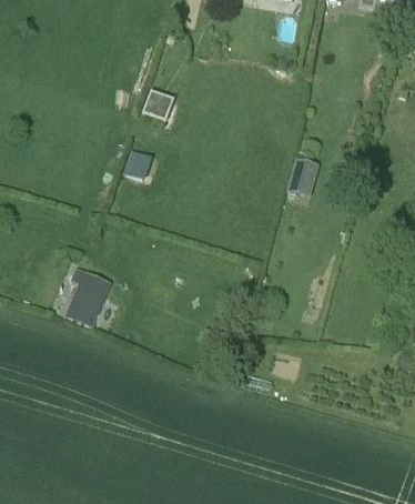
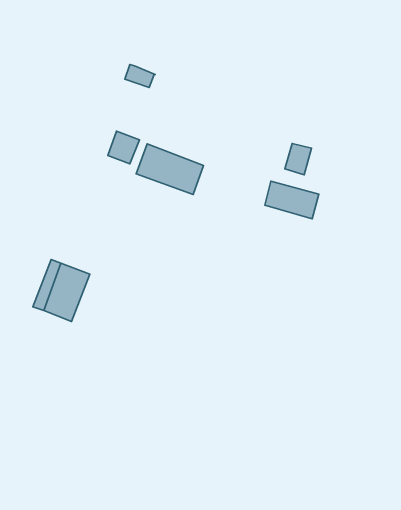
building: none -> [136,144,203,195]
building: none -> [265,181,319,219]

